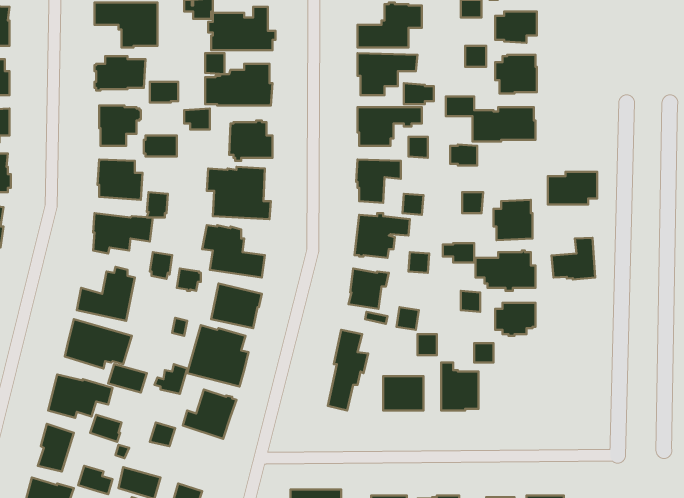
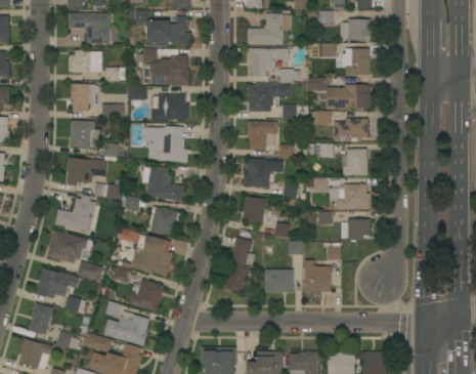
building: [548,172,597,205] -> [334,119,367,141]
building: [551,238,595,280] -> none
building: none -> [103,315,149,346]

